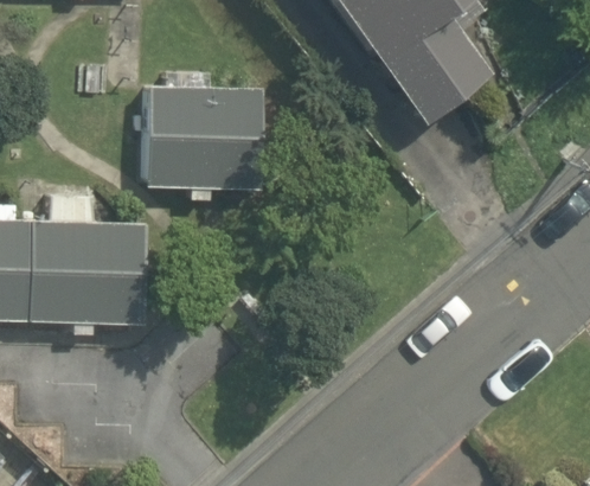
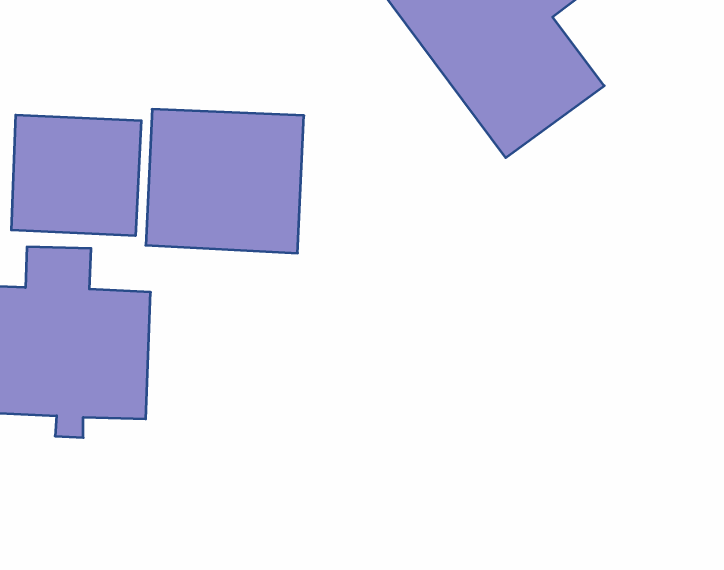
building: none -> [11,115,141,236]

